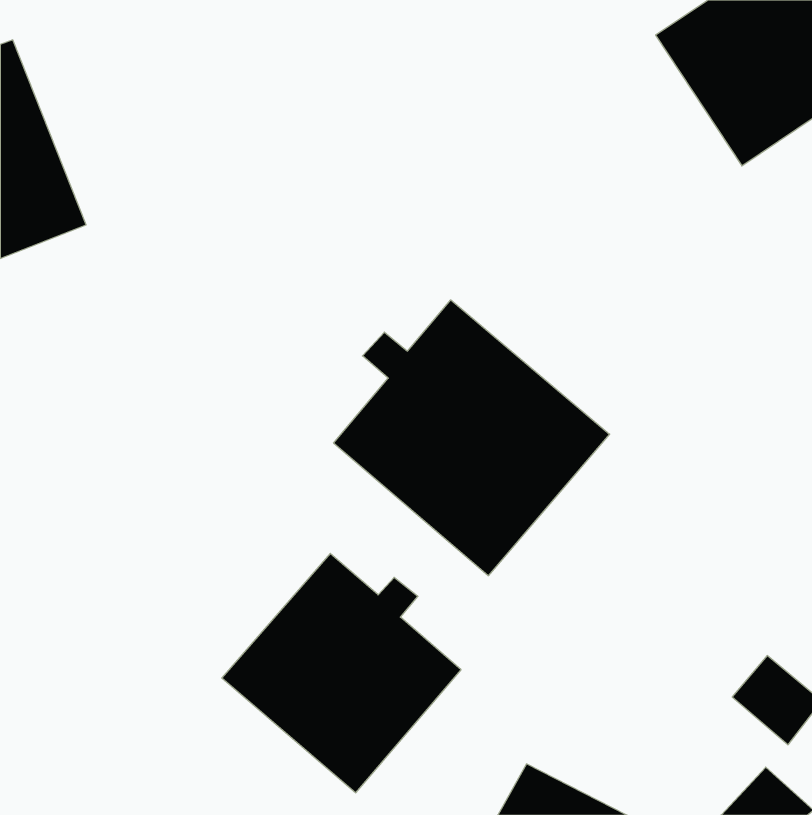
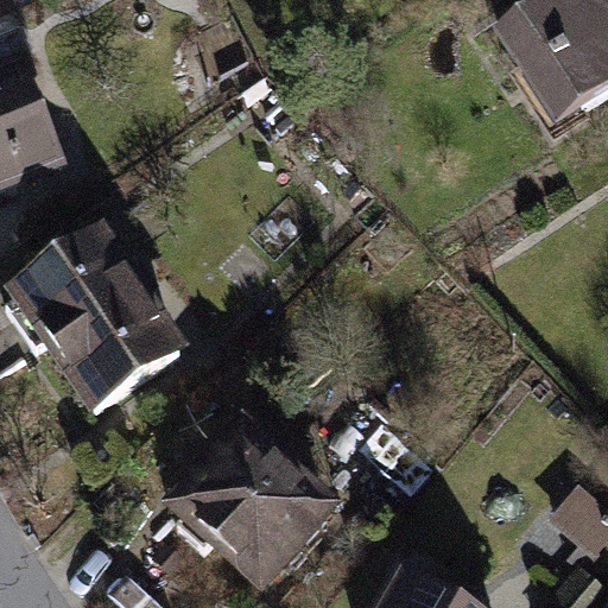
building: [334,300,610,576] -> none
building: none -> [7,224,182,407]

